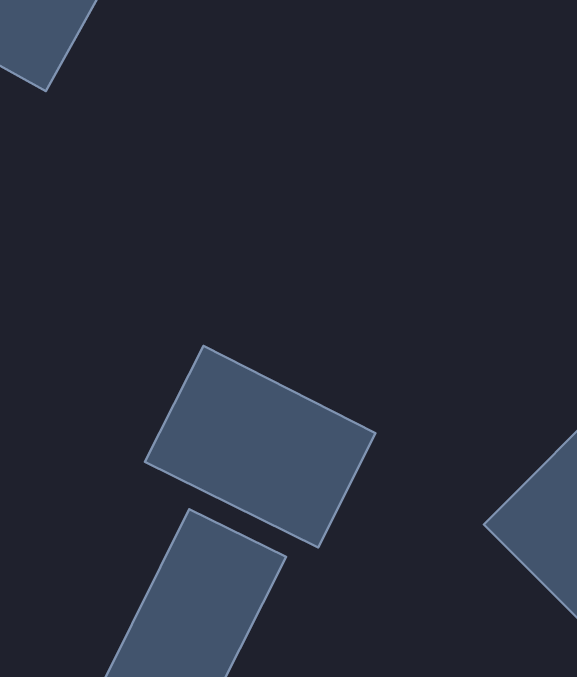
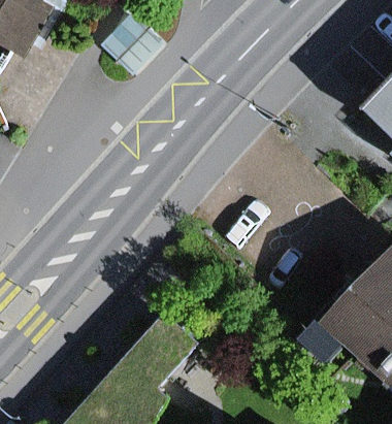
building: [145,346,376,548] -> none

